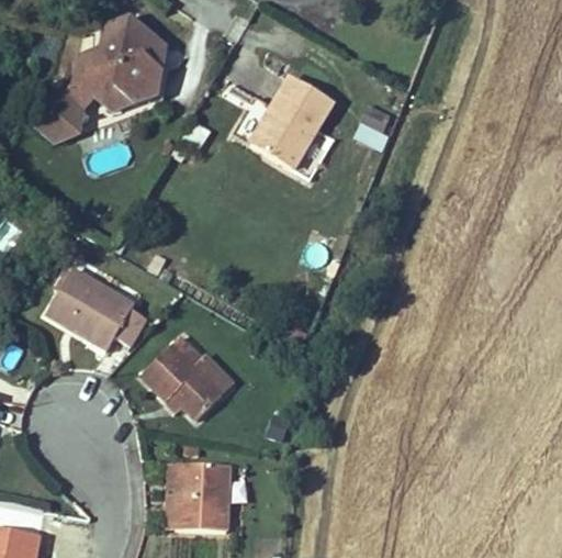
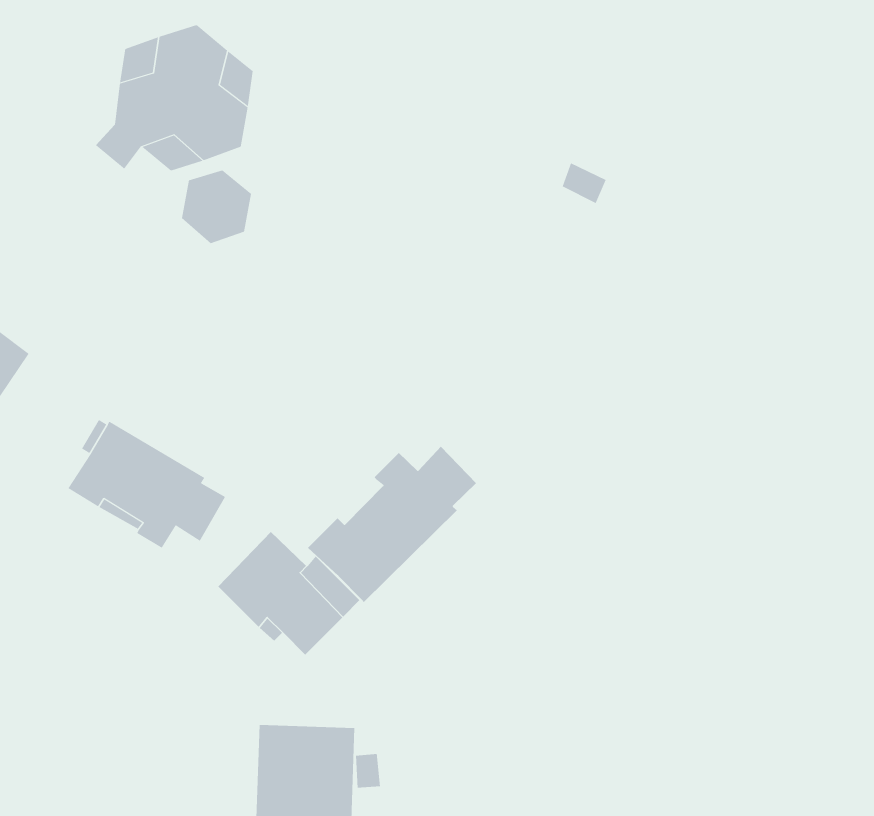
building: [251,77,333,168] -> none
building: [37,93,82,141] -> [181,170,252,244]
building: none -> [307,446,477,603]

